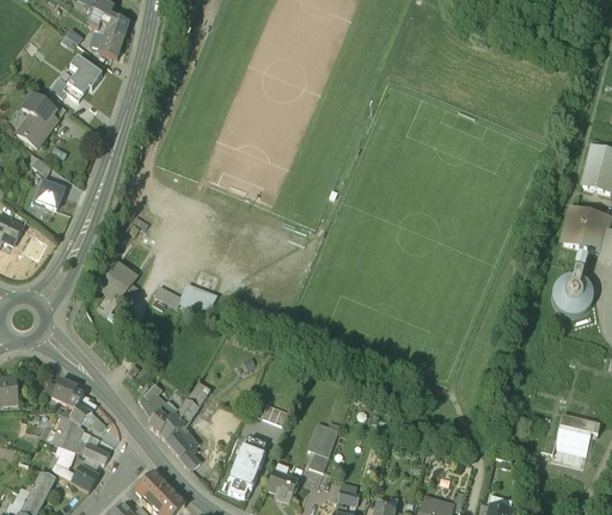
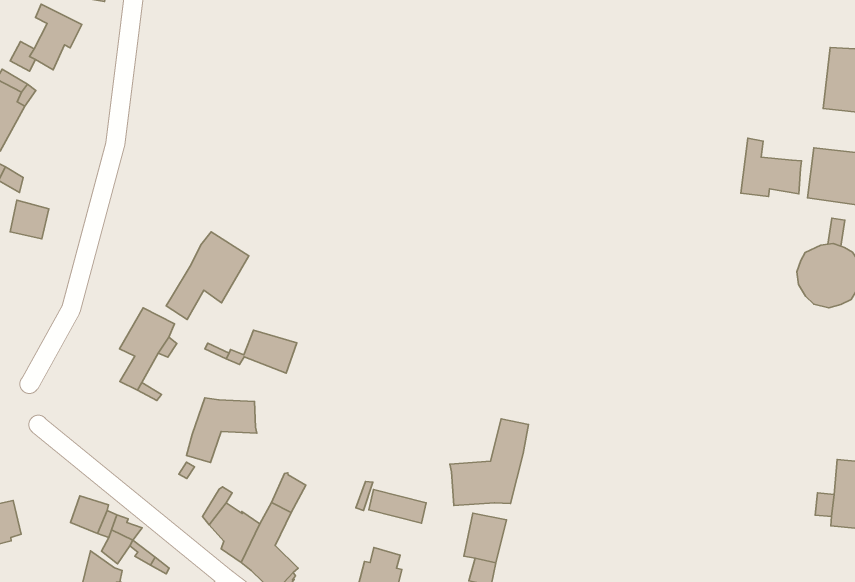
building: none -> [741,138,801,197]
building: none -> [166,232,249,320]
building: none -> [187,398,257,463]
building: none -> [450,419,529,506]

